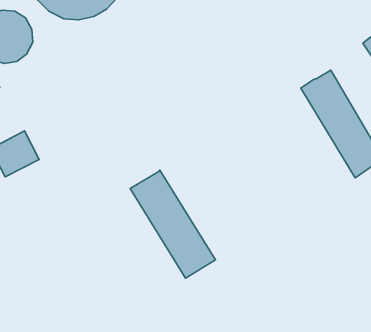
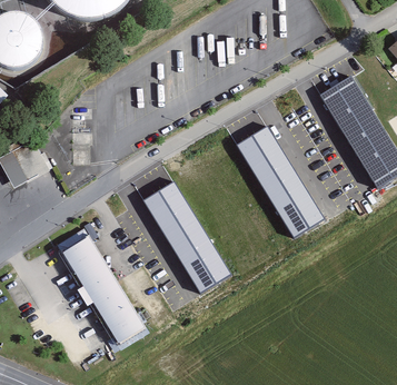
building: none -> [236,124,324,236]
building: none -> [60,234,146,343]

